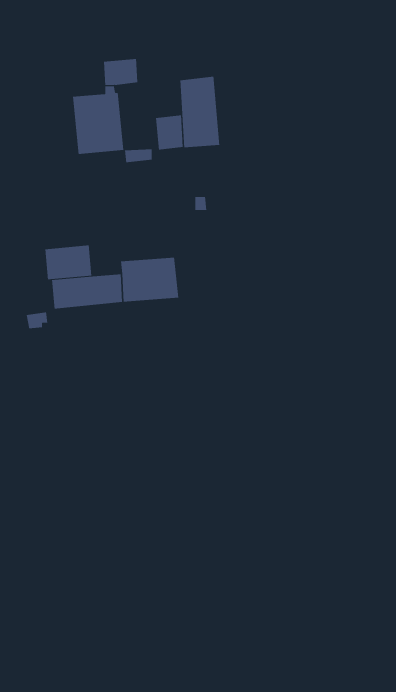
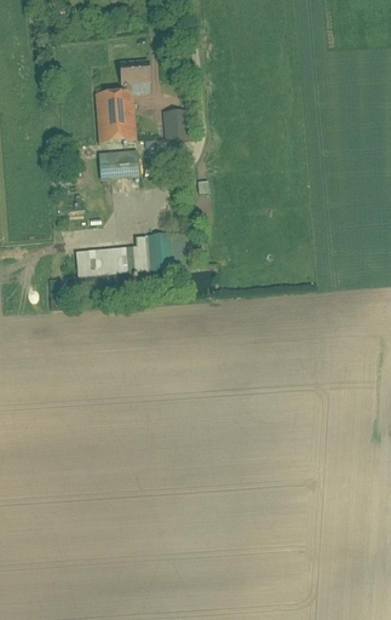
building: [180,76,220,148] -> none
building: [44,245,92,280] -> [98,149,139,179]

